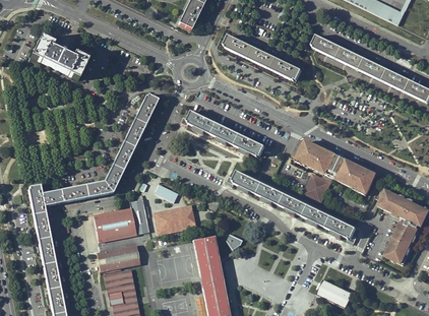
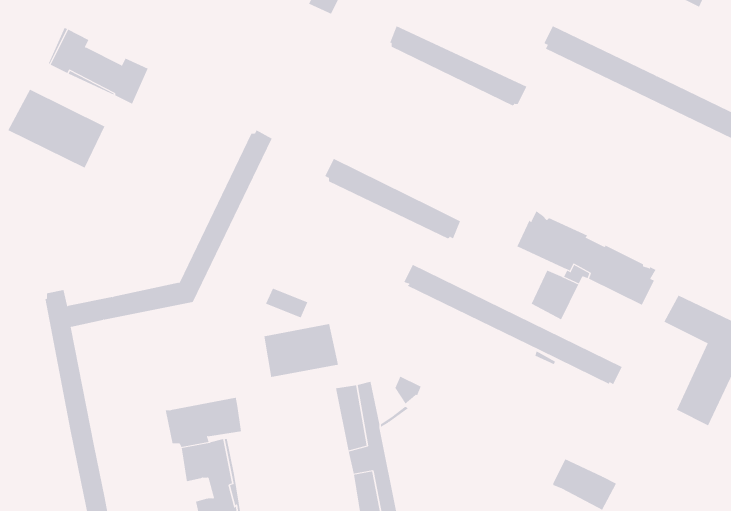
building: none -> [8,89,105,168]
building: [94,198,149,241] -> none

